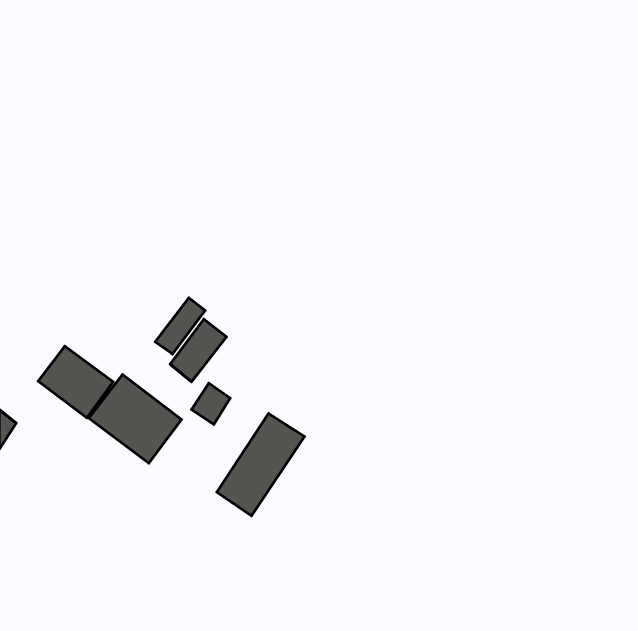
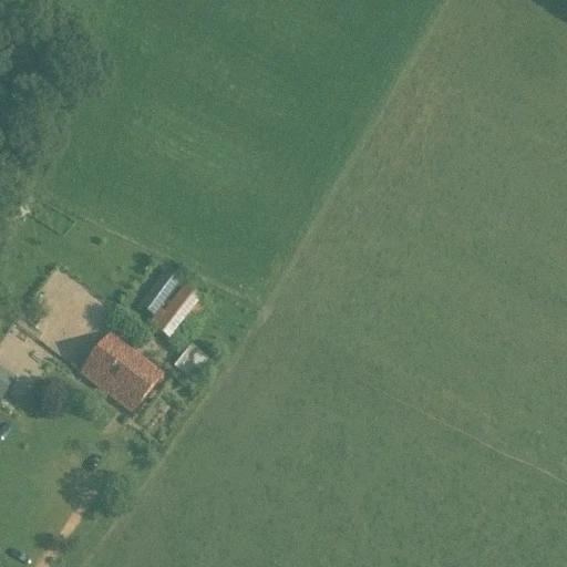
building: [38,346,113,418] -> none
building: [217,413,305,516] -> none

